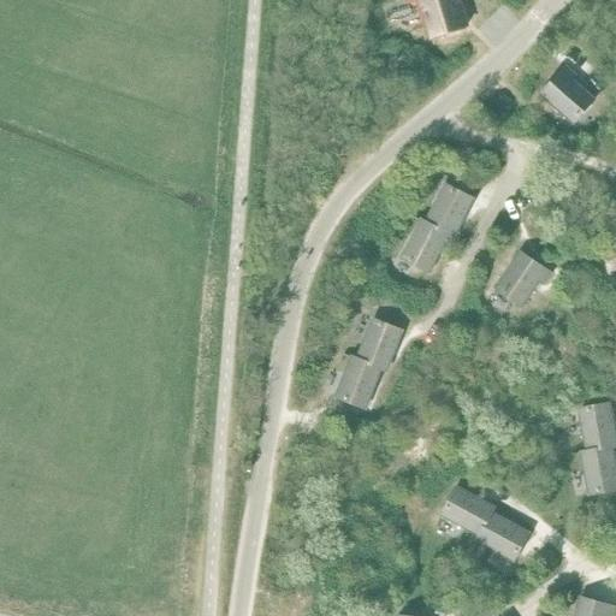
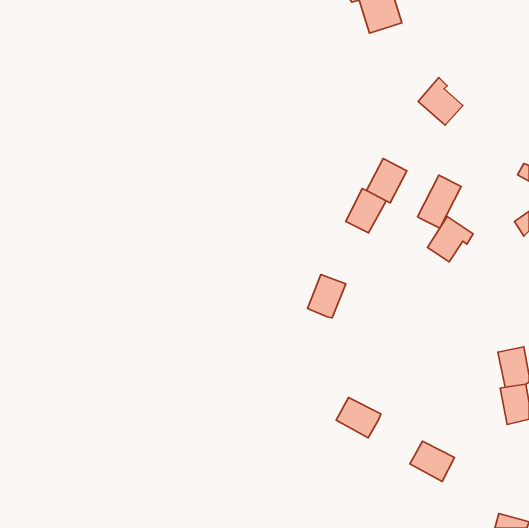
building: [541,66,593,122] -> [418,78,463,125]
building: none -> [417,175,461,228]
building: [337,356,380,407] -> none
building: [442,487,493,534] -> [336,397,381,438]

